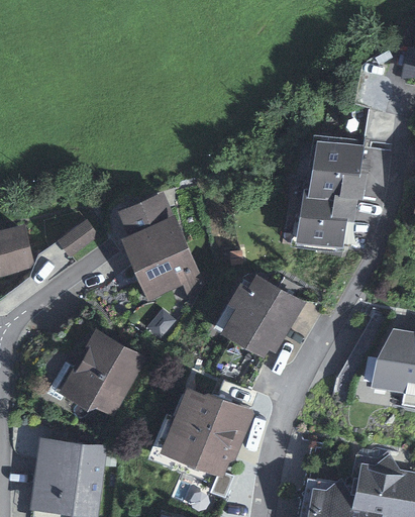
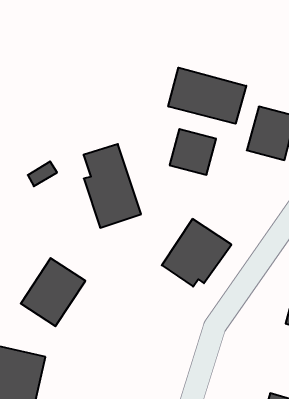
building: none -> [168,68,246,124]
building: [297,194,347,243] -> [170,129,216,175]
building: [167,393,246,473] -> none

